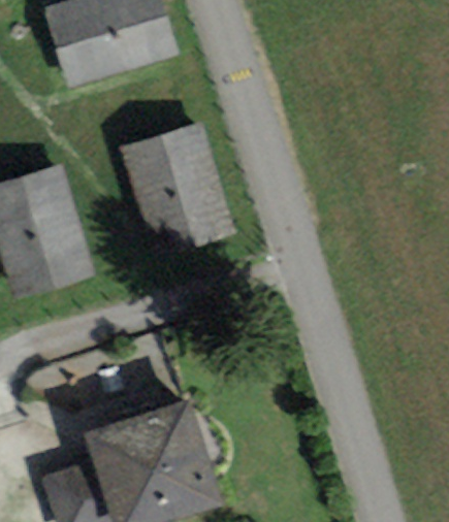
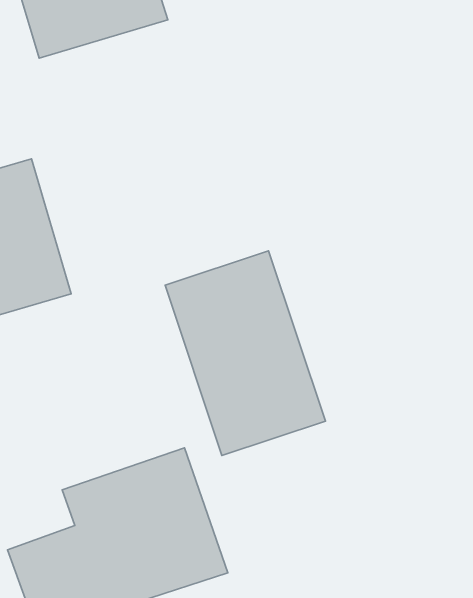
building: [121,123,233,254] -> none
building: none -> [165,251,325,456]

